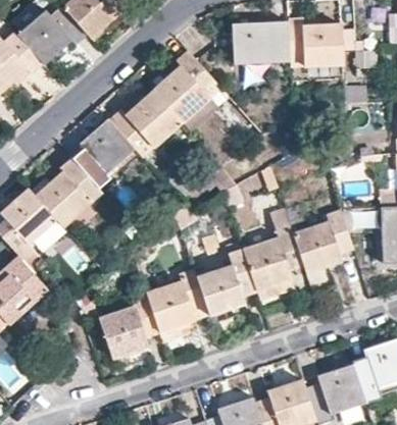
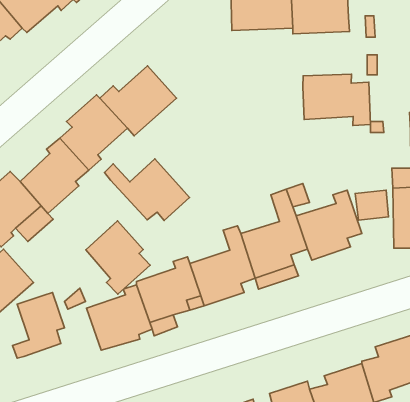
building: [155,53,220,123] -> none
building: none -> [303,74,371,125]
building: none -> [104,159,190,220]
building: none -> [86,221,150,294]
building: none -> [12,292,65,358]

